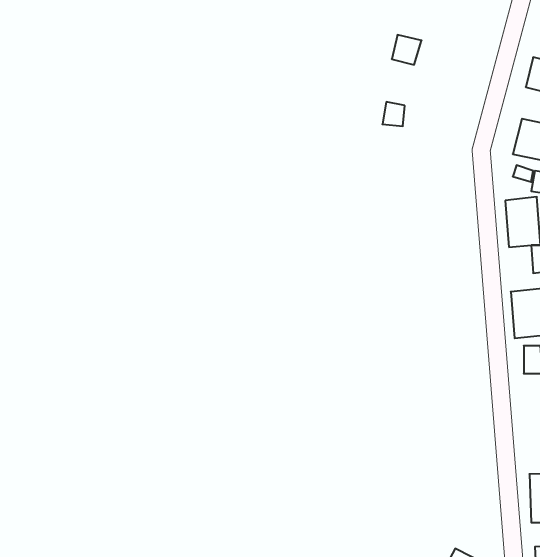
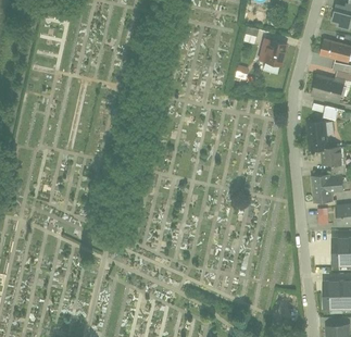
building: none -> [259,37,290,65]

